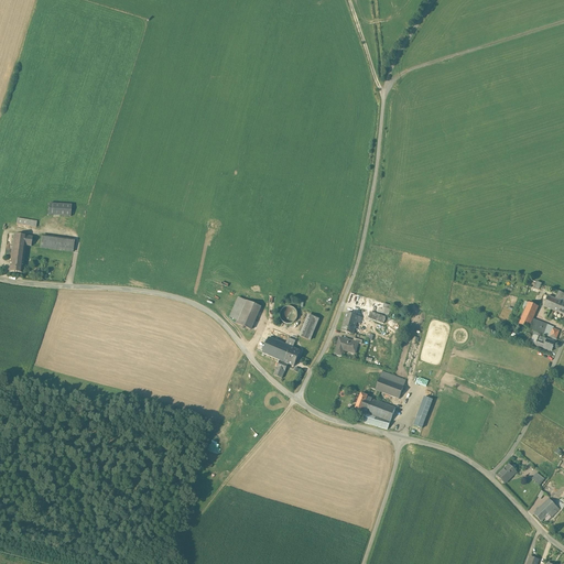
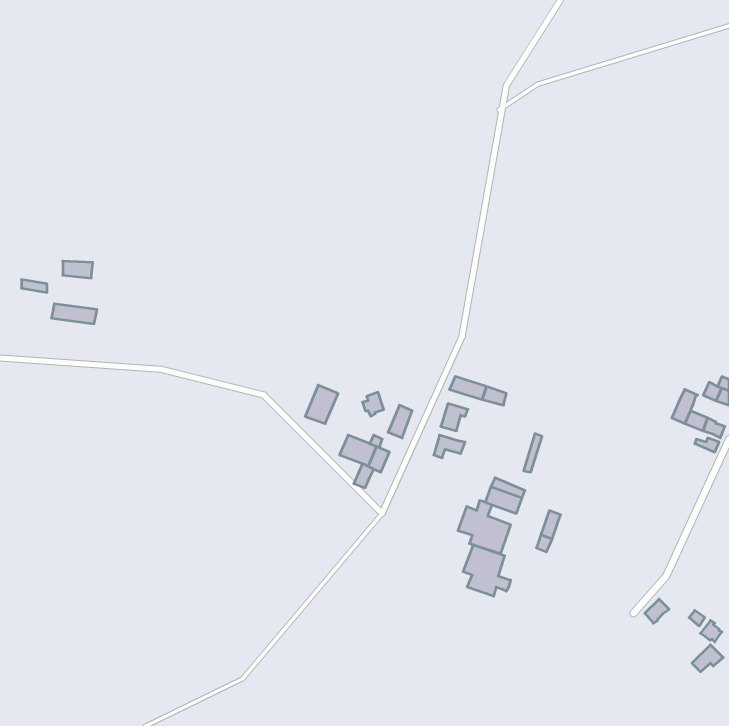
building: [9,232,32,271] -> none
building: none -> [463,545,511,596]

